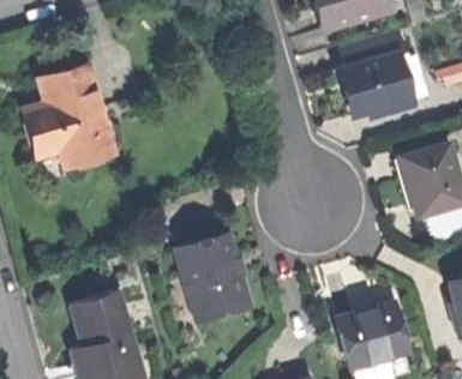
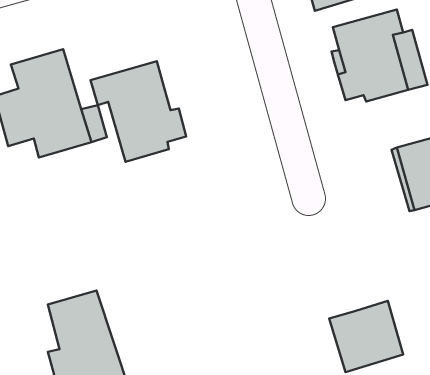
building: none -> [91,61,186,162]
building: [176,234,257,337] -> none

